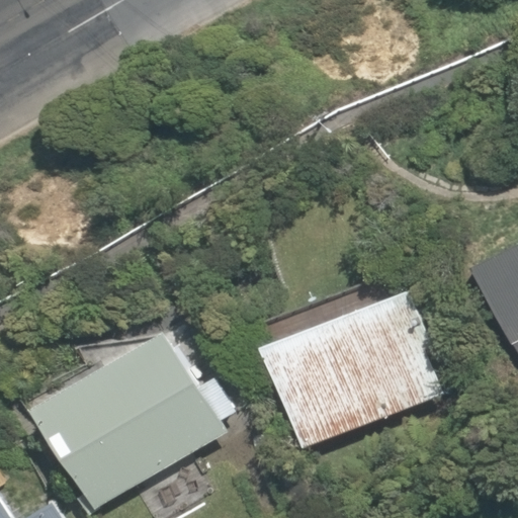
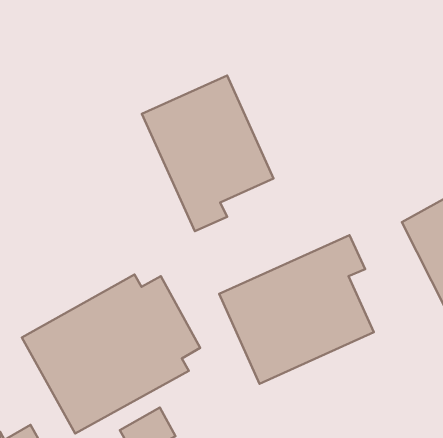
building: none -> [142,75,273,231]

